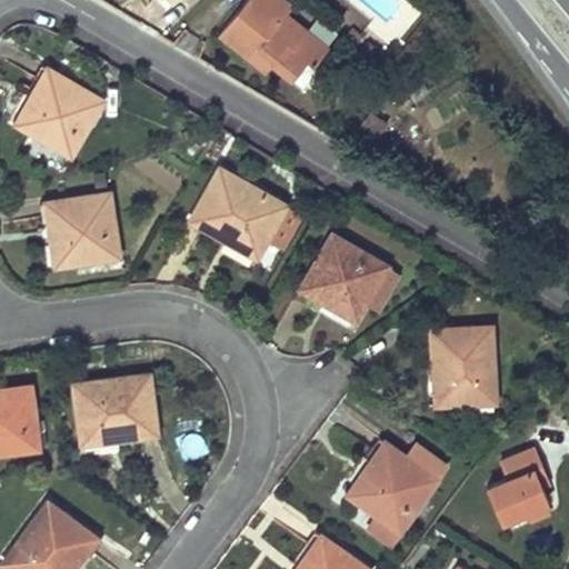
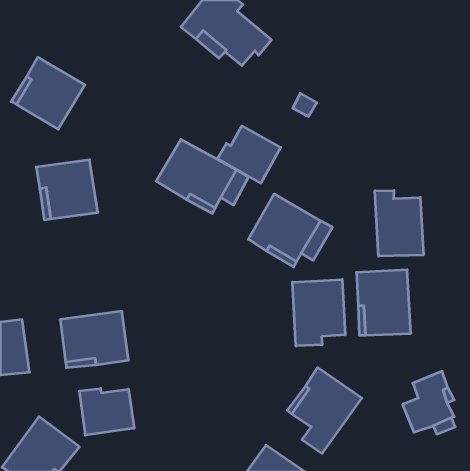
building: none -> [218,126,281,183]
building: none -> [375,190,423,256]
building: none -> [292,279,345,346]
building: none -> [80,388,134,435]

